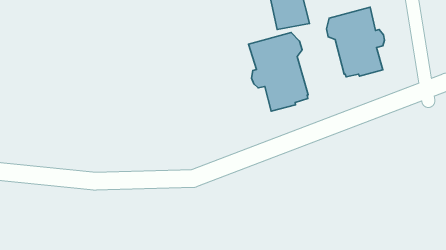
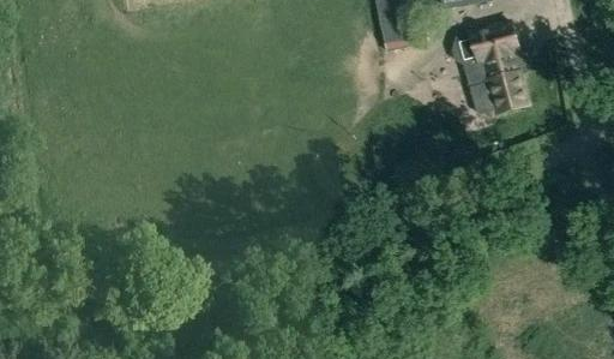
building: [249,32,308,111] -> none

